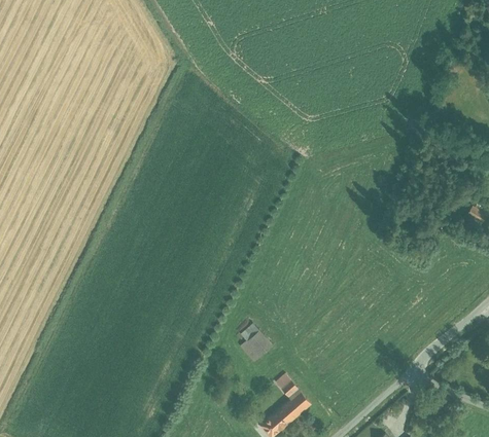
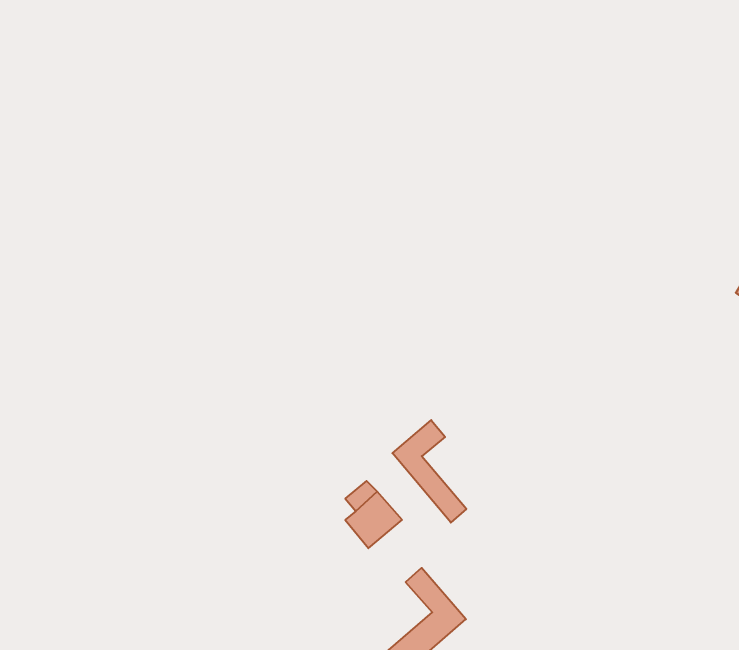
building: none -> [392,420,466,523]

